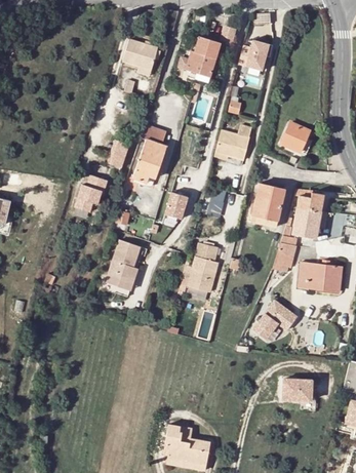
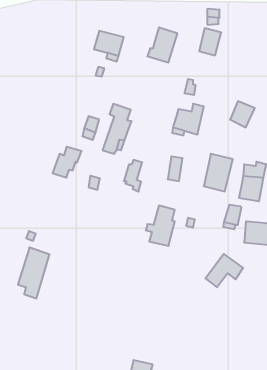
building: [109,240,146,300] -> [18,247,50,298]
building: [282,379,312,400] -> none

